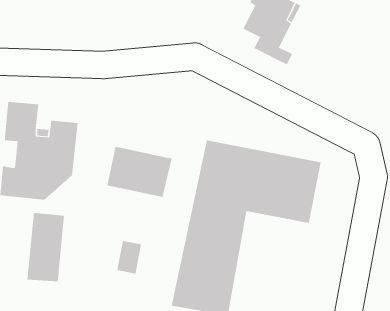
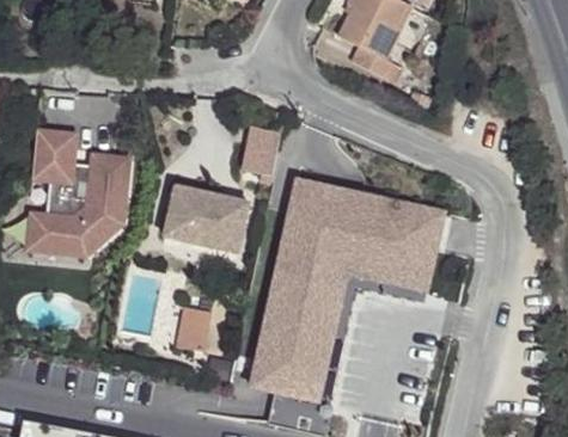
building: none -> [244,125,282,185]
building: [27,212,65,282] -> none

